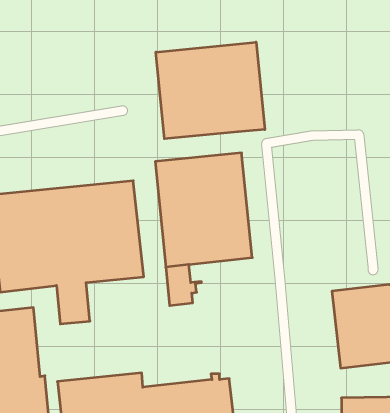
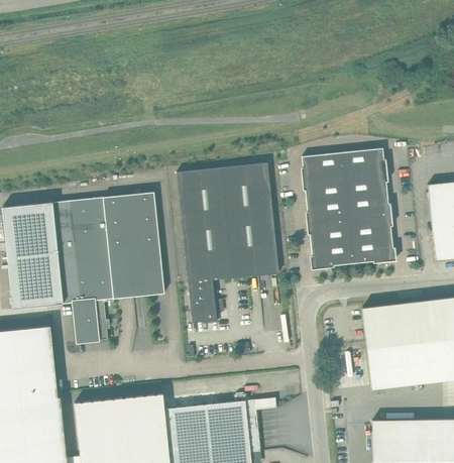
building: [156,42,265,139] -> none
building: none -> [302,148,393,268]

